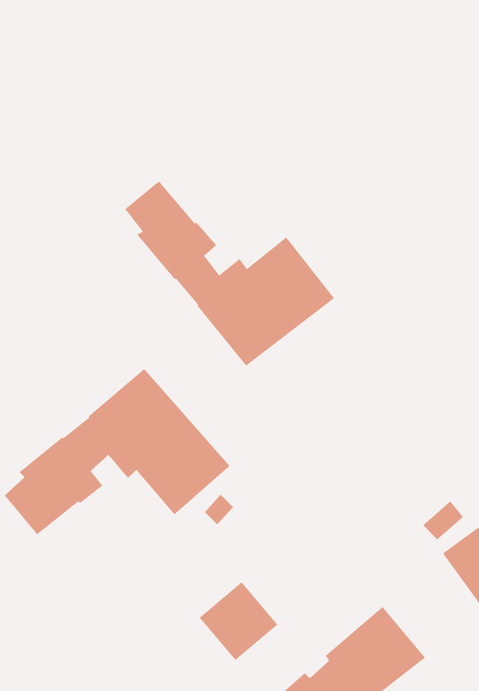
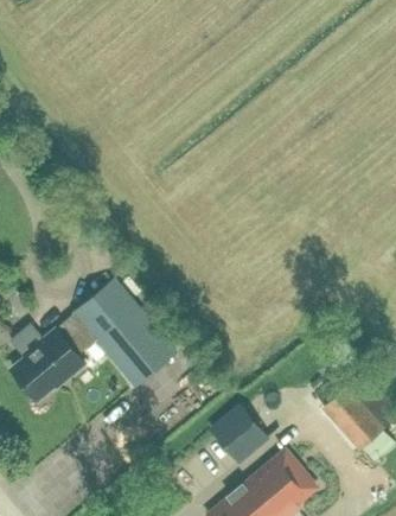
building: [125,181,335,367] -> none
building: [199,582,278,661] -> [212,404,269,461]

